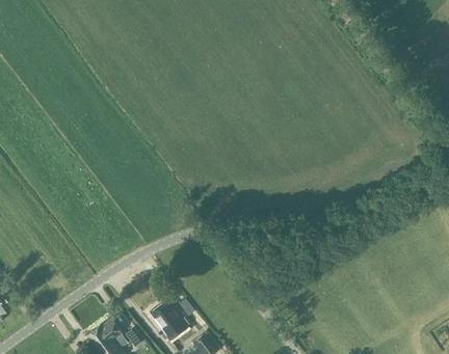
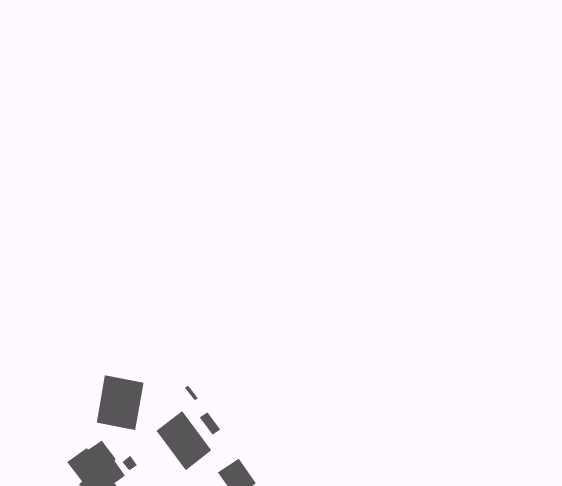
building: none -> [96,375,144,431]

